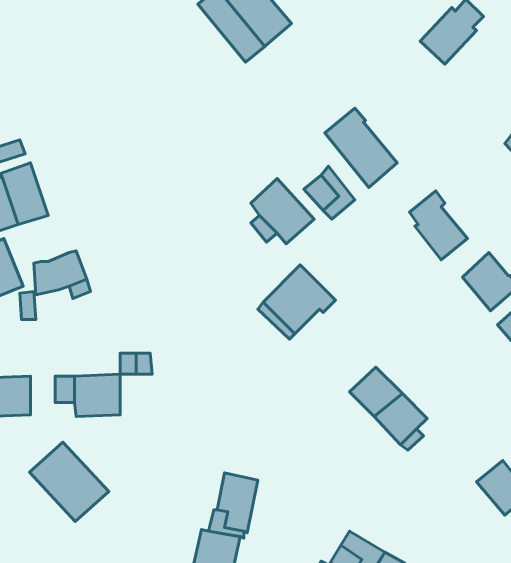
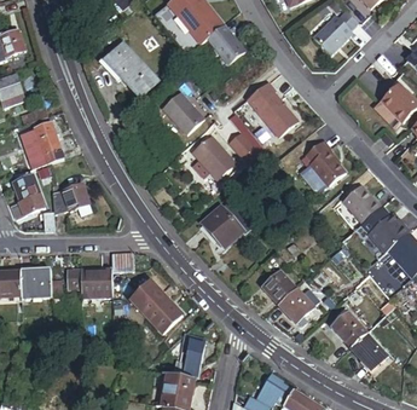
building: none -> [212,27,250,67]
building: none -> [106,41,161,97]
building: none -> [158,93,199,135]
building: none -> [337,305,373,341]
building: [29,442,109,522] -> [127,279,181,334]

